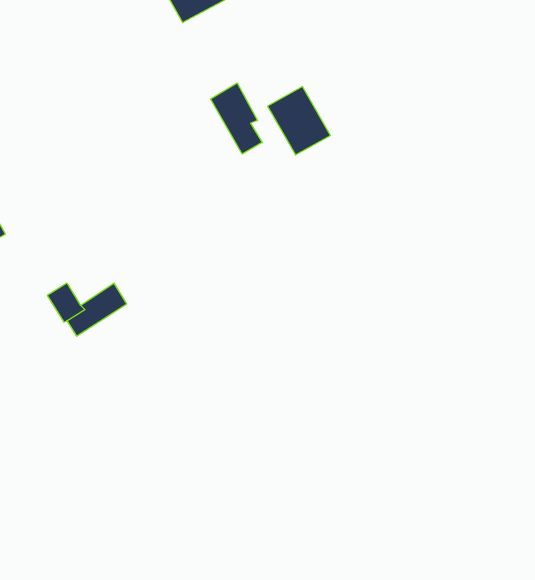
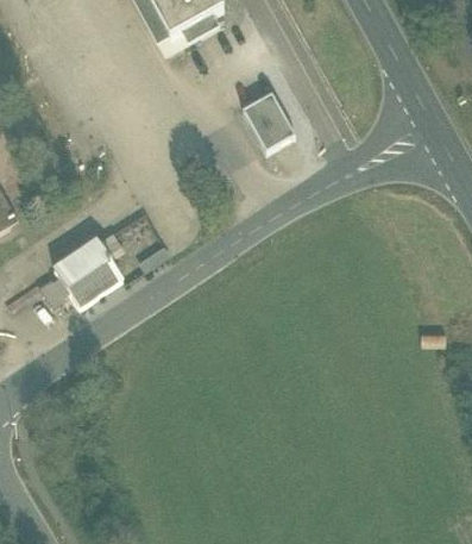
building: [211,83,262,154] -> none
building: none -> [73,243,112,279]

